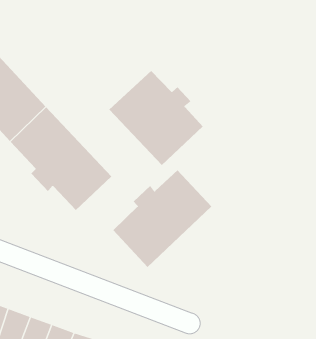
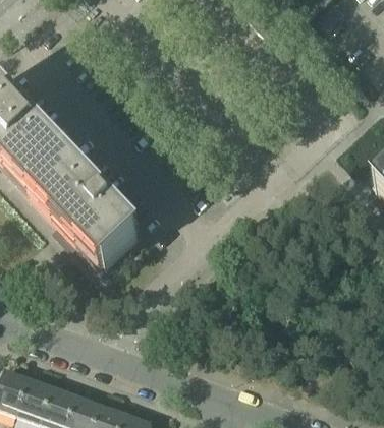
building: [109,70,204,166] -> none
building: [113,170,212,268] -> none

